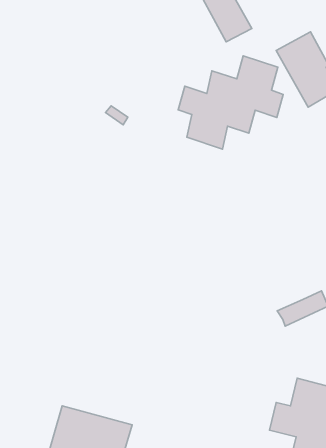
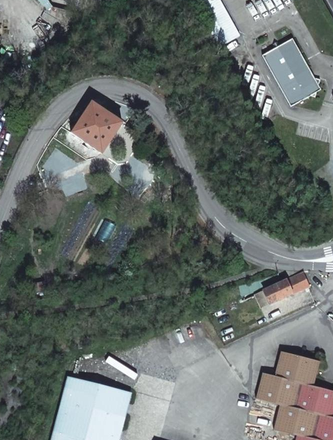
building: [178,56,283,149] -> none
building: none -> [72,103,122,153]

